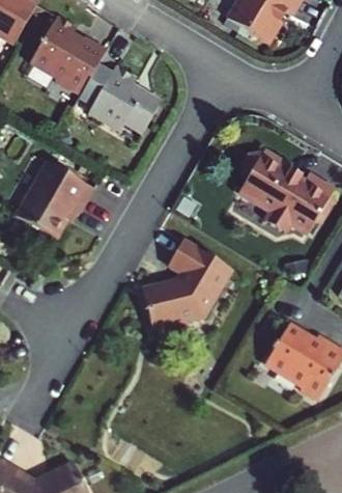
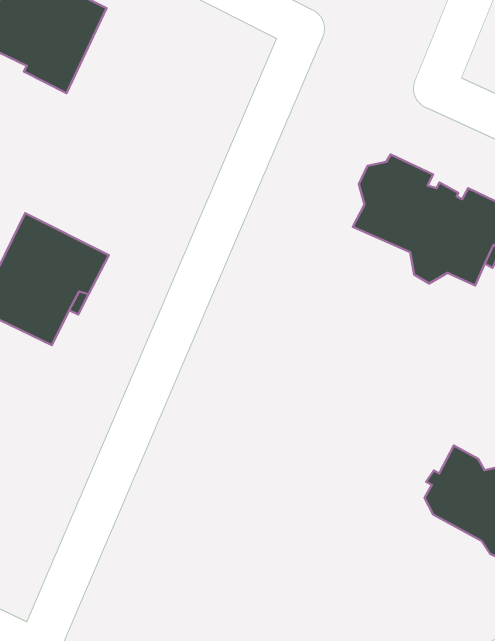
building: [90,59,161,125] -> none
building: [139,237,230,324] -> none

